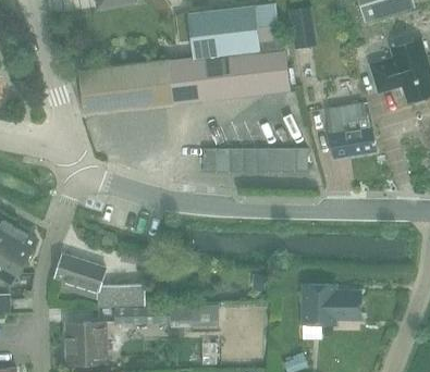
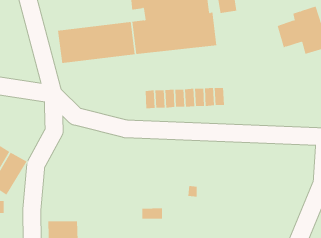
building: [327,102,372,157] -> none
building: [54,253,170,323] -> none
building: [302,284,360,325] -> none

